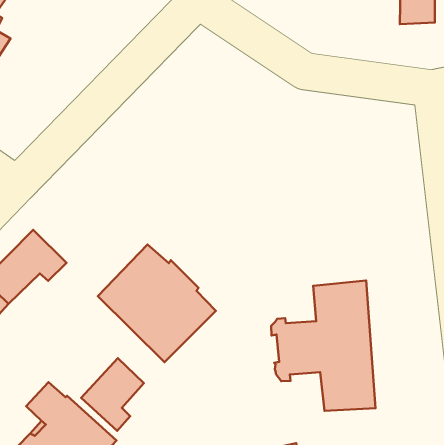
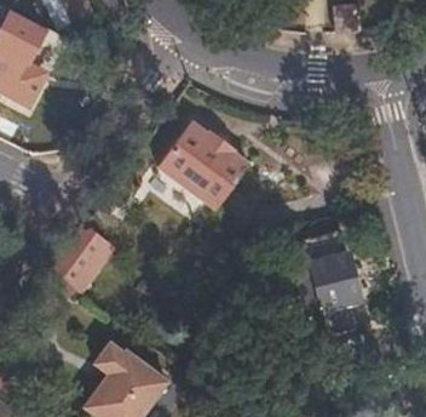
building: [98,244,216,362] -> [159,121,251,210]
building: [81,358,144,431] -> none

